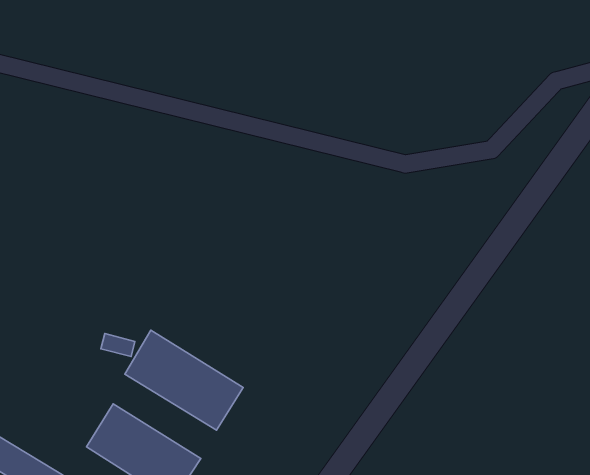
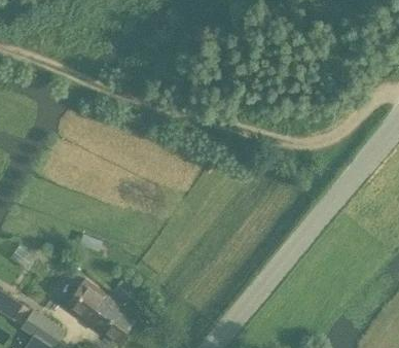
building: [125,330,243,430] -> none

